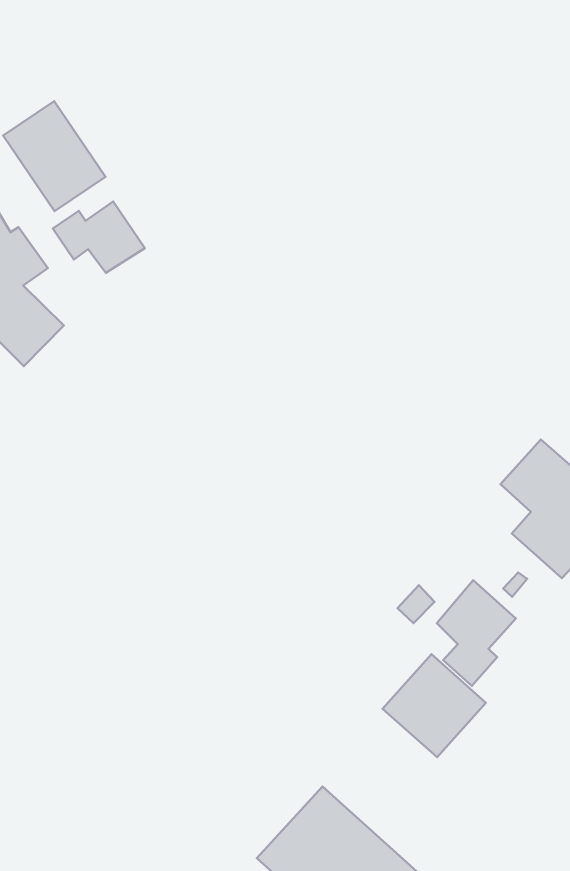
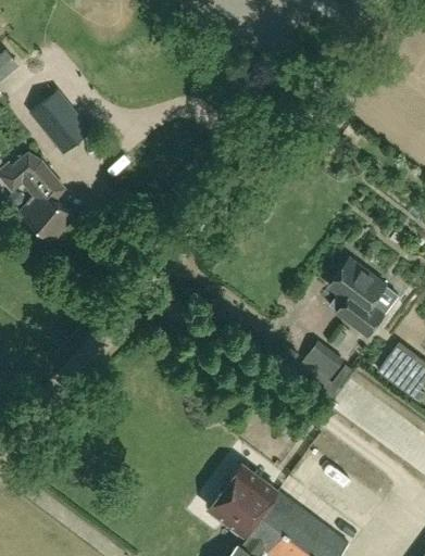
building: [53,202,145,273] -> none
building: [383,654,486,757] -> none

